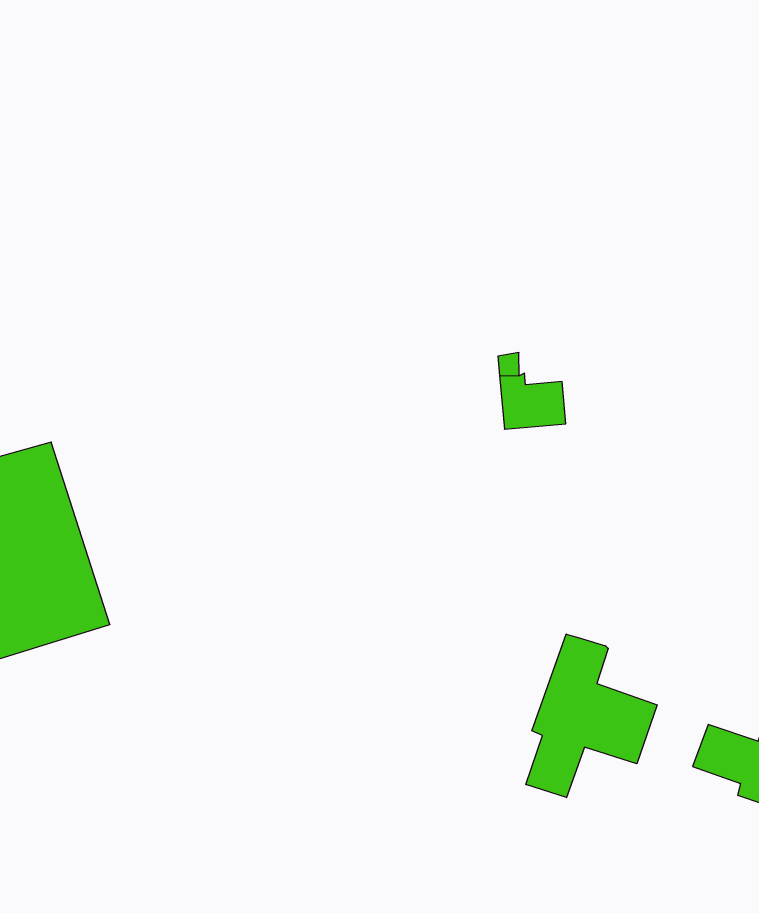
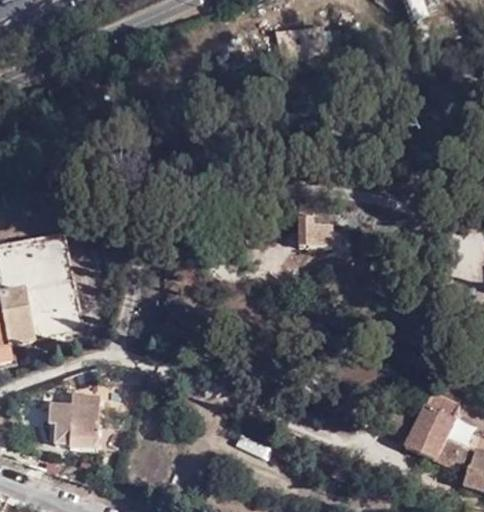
building: [526,634,657,798] -> none
building: none -> [48,394,98,448]

